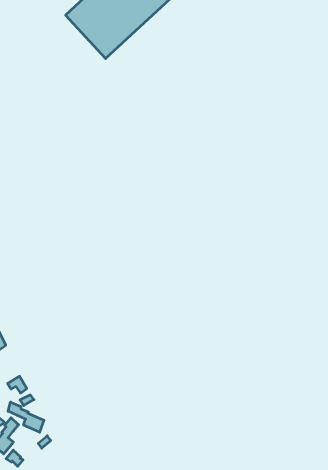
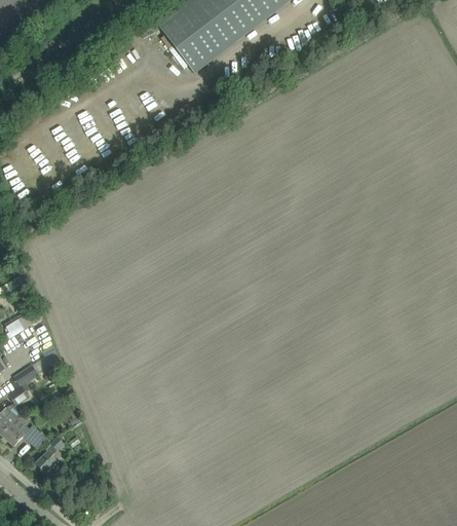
building: [8,402,44,432] -> none

